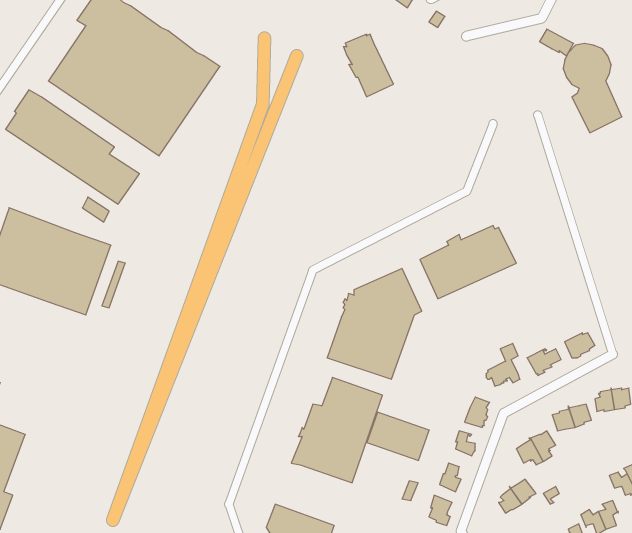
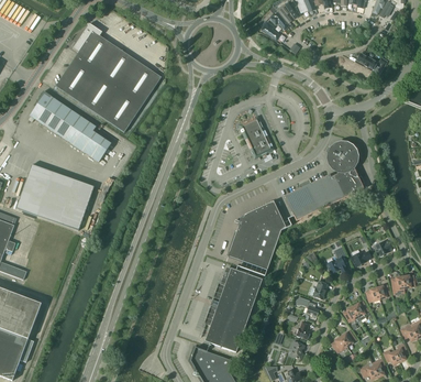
building: [343,34,393,97] -> [241,117,272,155]
building: [563,43,622,133] -> [328,142,364,197]
building: [367,412,429,460] -> [204,321,243,351]

